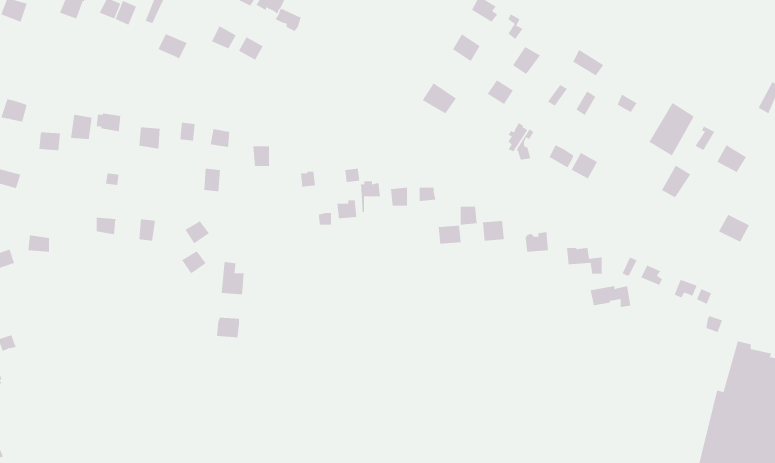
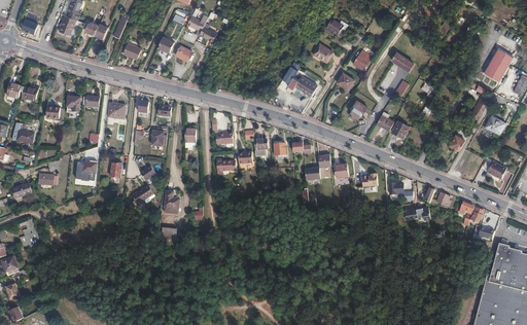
building: [649,102,694,156] -> [484,47,514,82]

